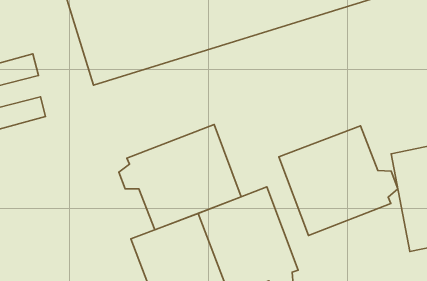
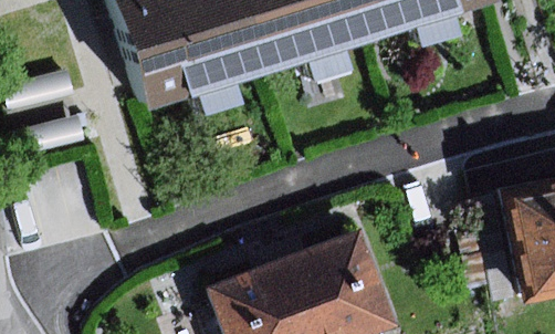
building: [119,125,241,230] -> none
building: [279,126,398,235] -> none

